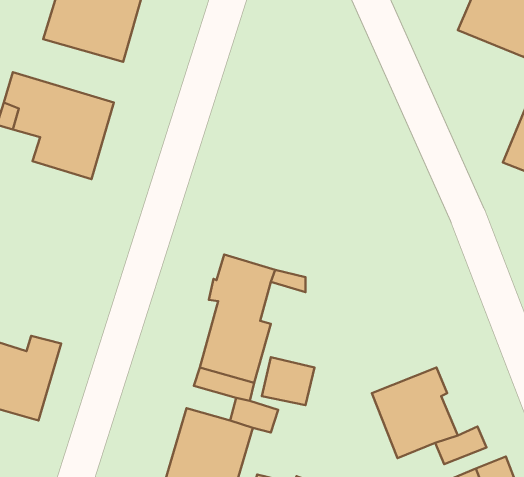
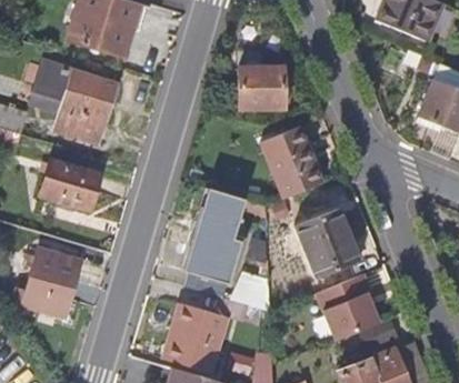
building: none -> [236,71,281,112]
building: none -> [260,130,321,202]
building: none -> [47,152,108,205]
building: none -> [296,212,359,281]

